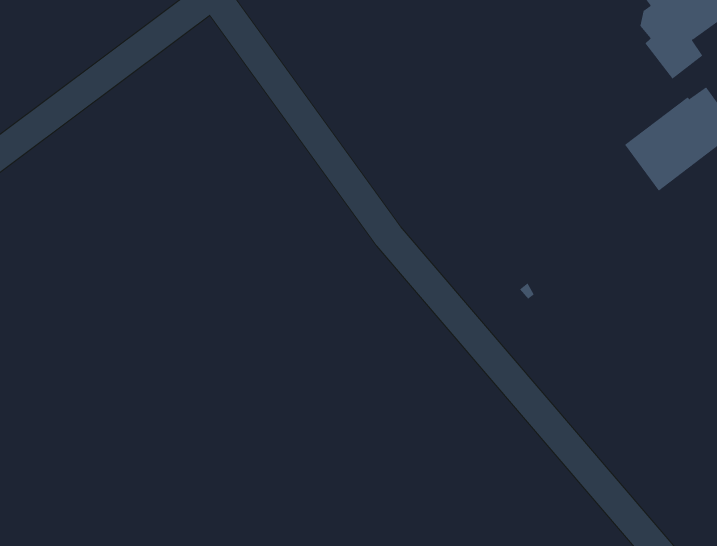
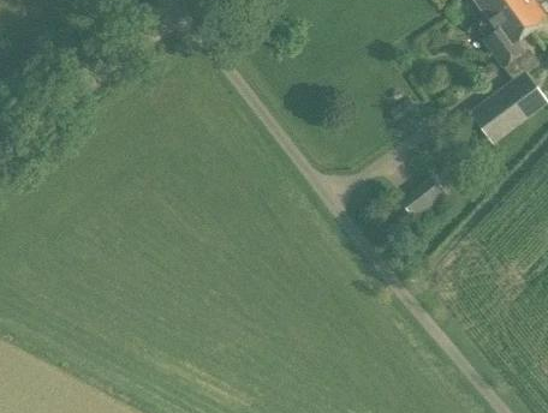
building: none -> [403,179,447,220]

